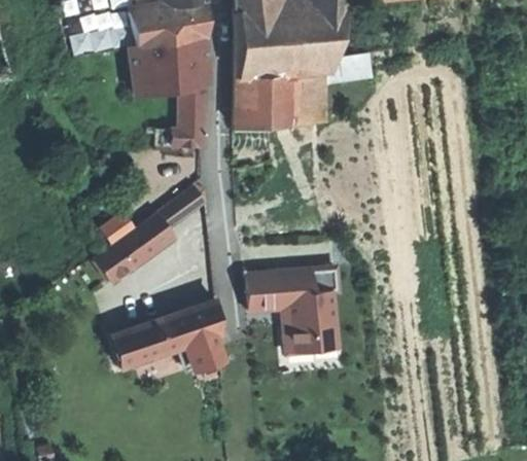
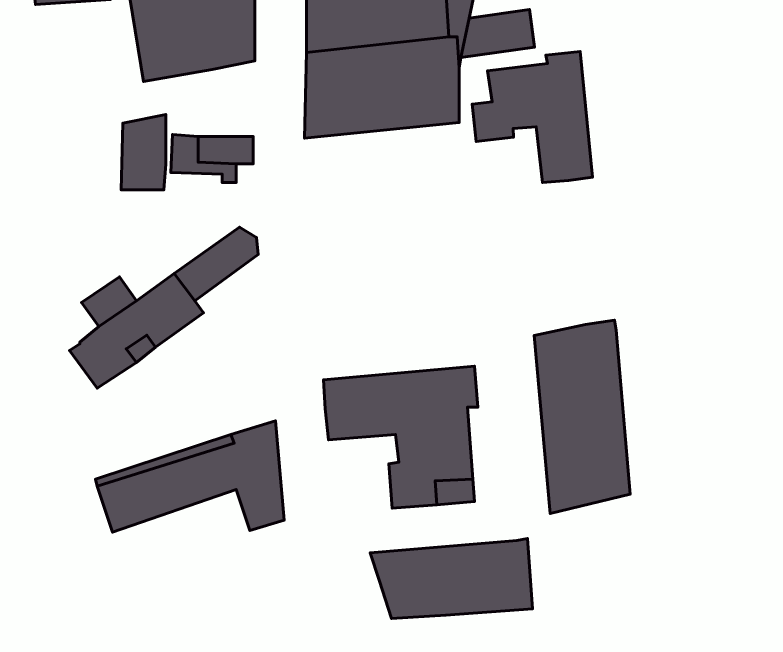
building: none -> [472,51,593,183]
building: [179,83,206,129] -> [121,115,166,190]
building: none -> [534,320,630,513]
building: none -> [370,539,533,618]

